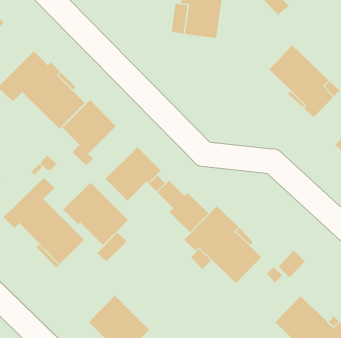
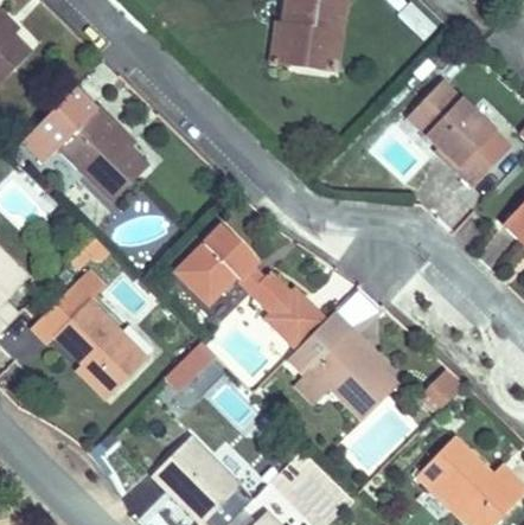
building: [62,99,117,166] -> none
building: [63,182,129,246] -> none

